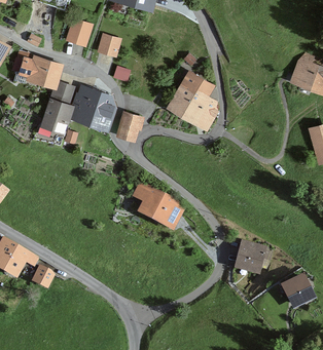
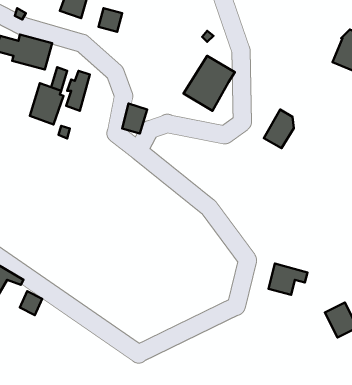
building: [83,90,115,128] -> none
building: [192,96,217,128] -> [264,109,294,148]
building: [134,187,180,228] -> none

